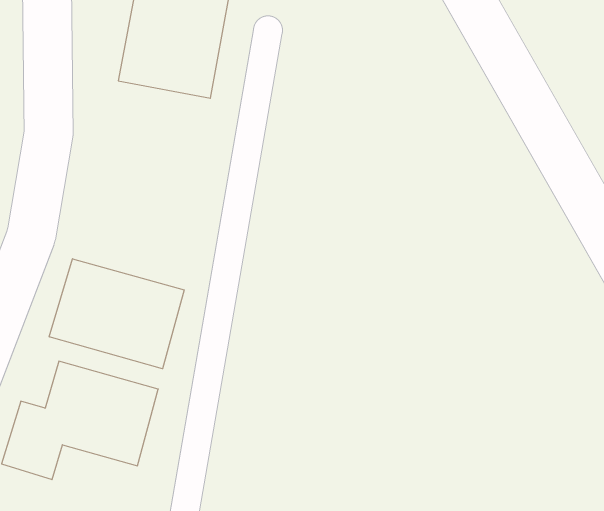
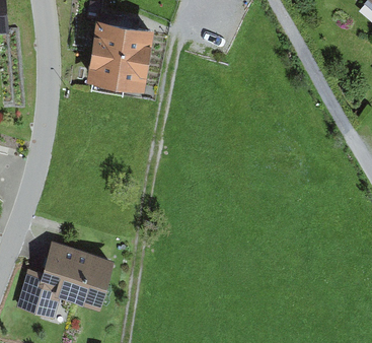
building: [49,259,184,369] -> none

